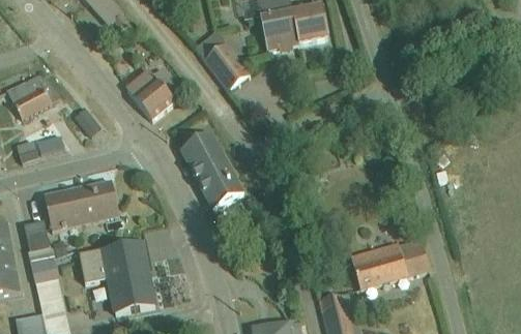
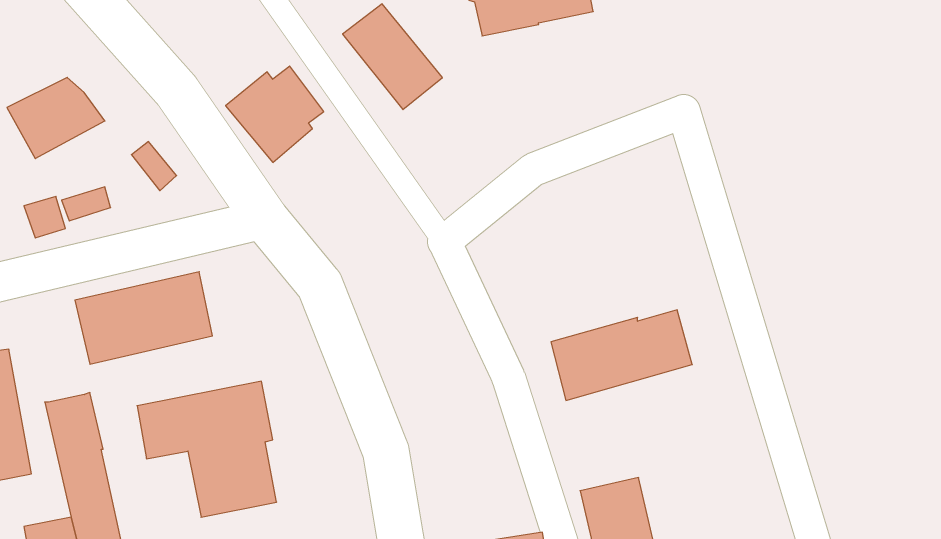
building: [181,132,244,210] -> none
building: [24,220,49,251] -> none
building: [351,240,429,290] -> [551,310,692,400]

